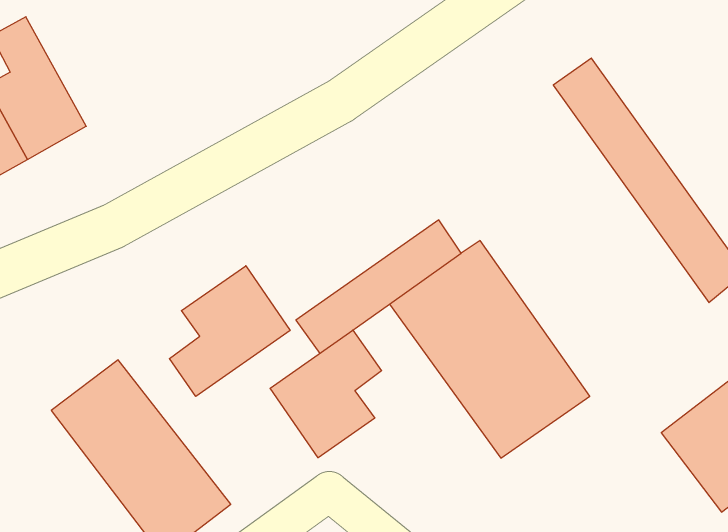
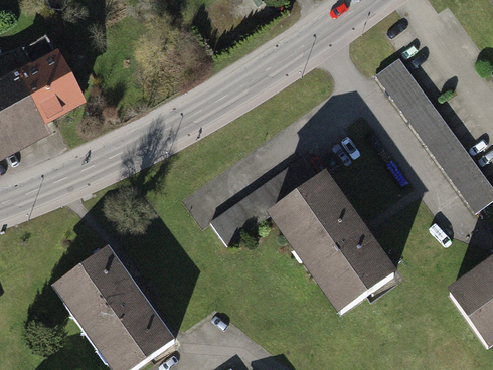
building: [169,266,290,396] -> none
building: [270,330,382,458] -> none

